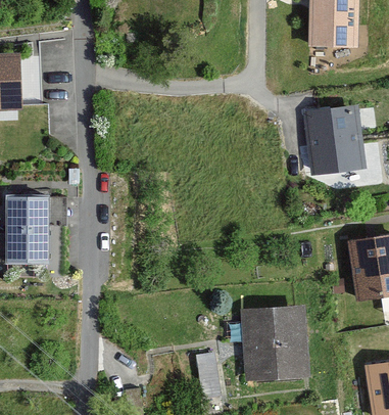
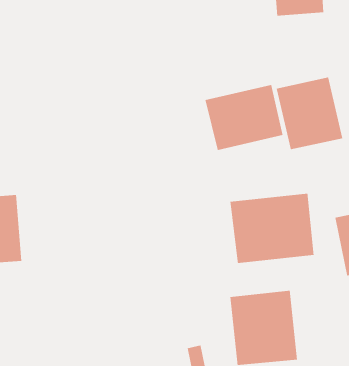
building: none -> [205,84,283,151]
building: none -> [230,193,314,264]

